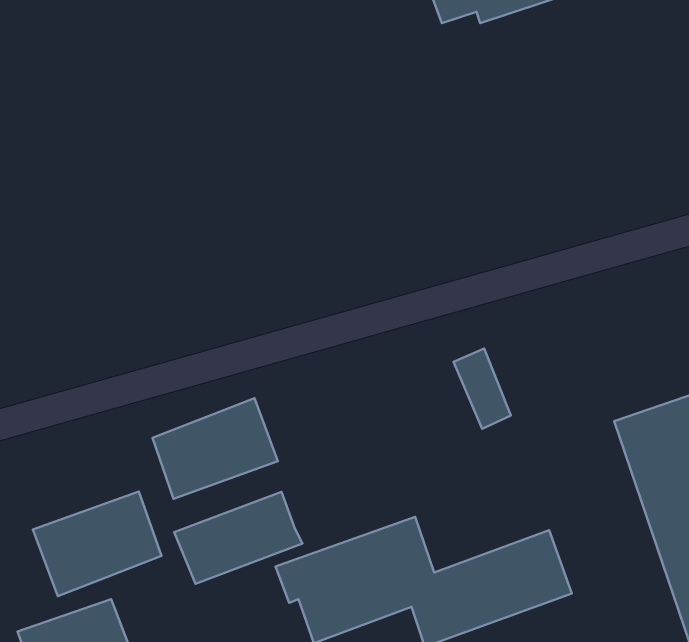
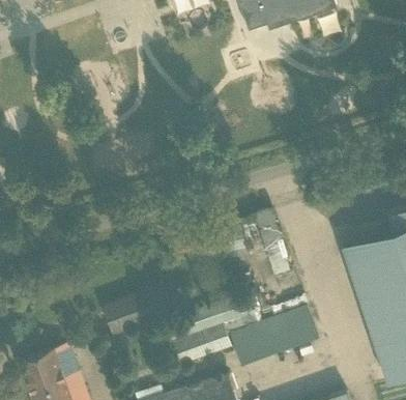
building: [152,398,278,499] -> none
building: [33,492,161,596] -> none

